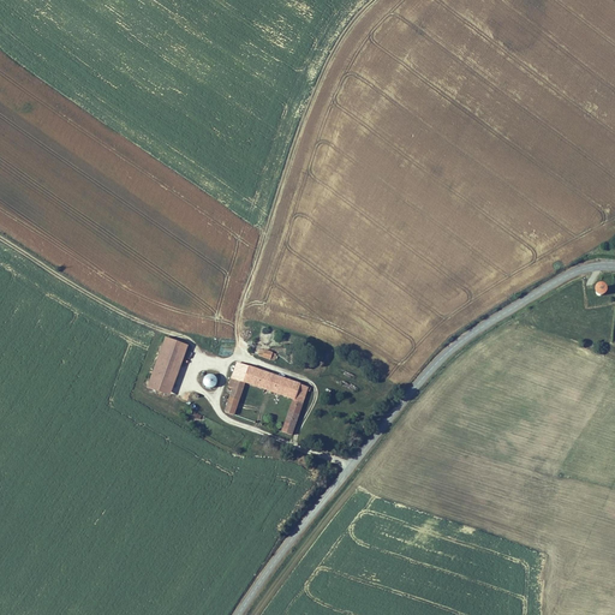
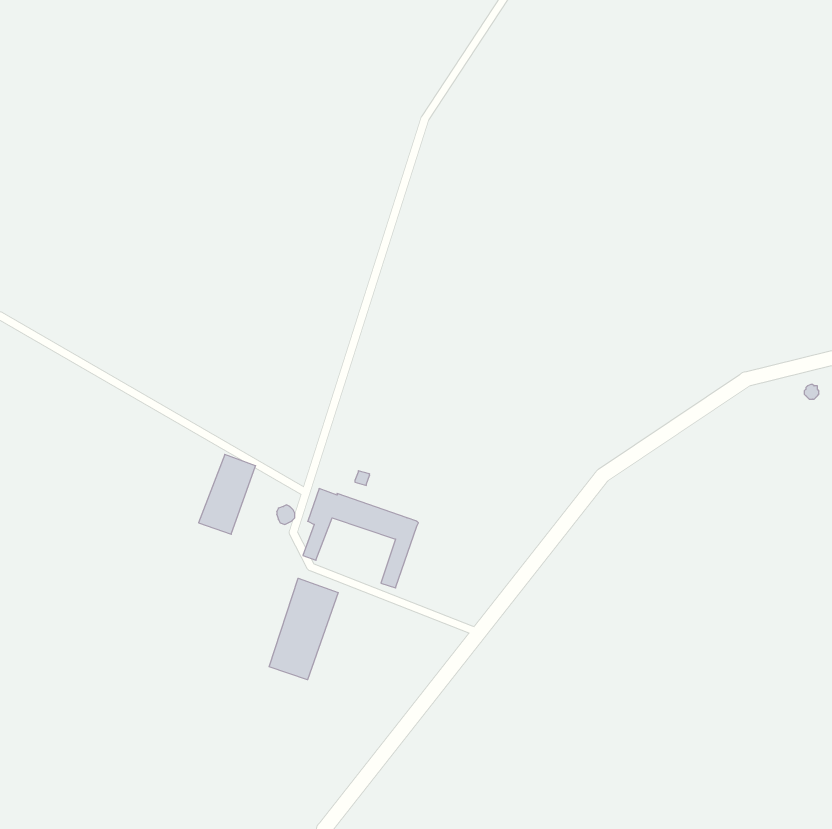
building: none -> [269,578,338,680]

